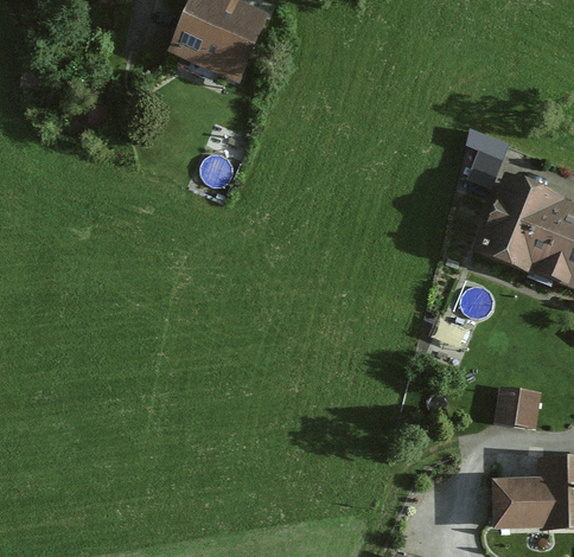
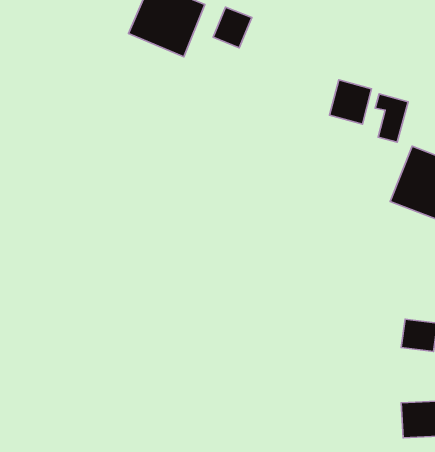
building: none -> [213,7,252,48]
building: none -> [330,80,372,124]

